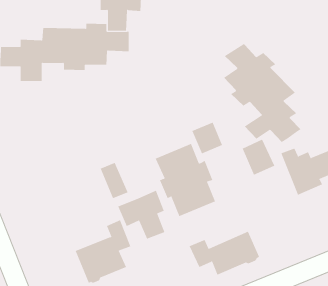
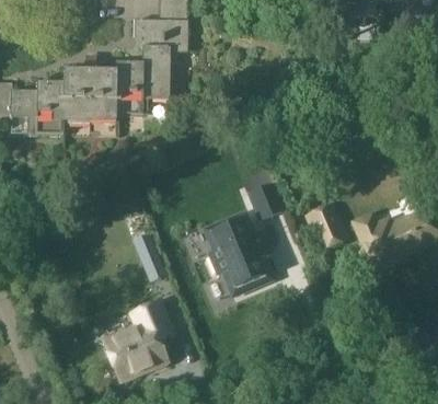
building: [223,43,301,143] -> none
building: [117,190,165,240] -> none
building: [189,231,260,276] -> none

